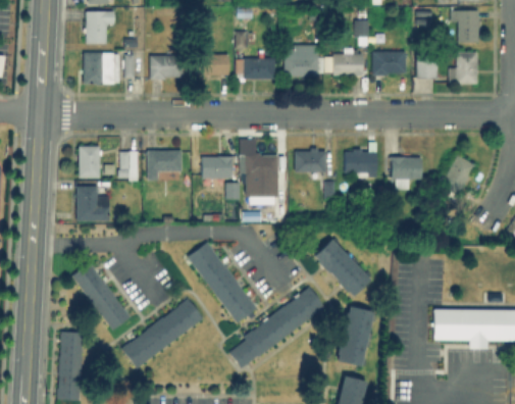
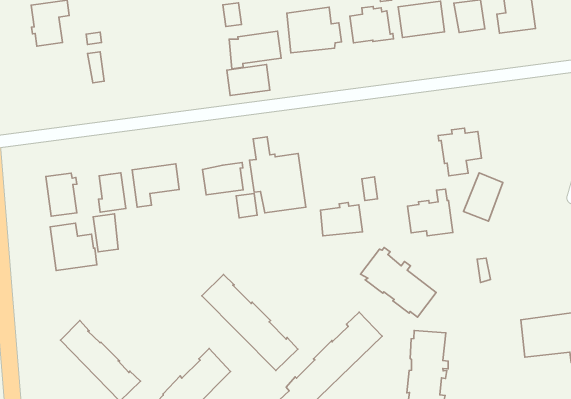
building: [84,53,119,86] -> none
building: [150,55,184,80] -> none
building: [197,55,228,75] -> [227,65,270,96]
building: [345,143,377,178] -> [407,189,453,236]
building: [295,149,326,173] -> [321,202,363,236]
building: [442,155,475,194] -> [464,173,503,221]
building: none -> [93,214,118,252]

